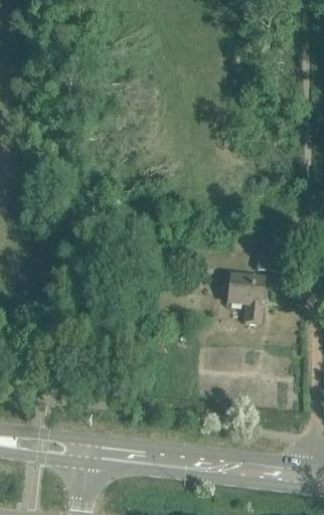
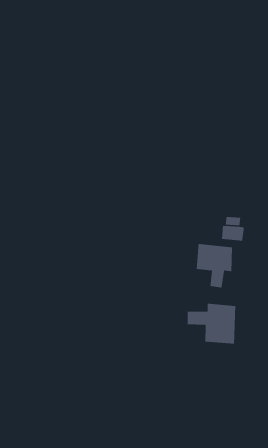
building: none -> [187,303,236,344]

